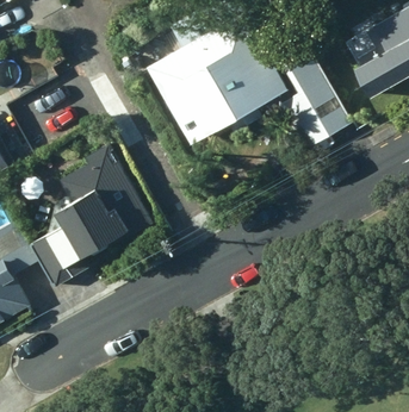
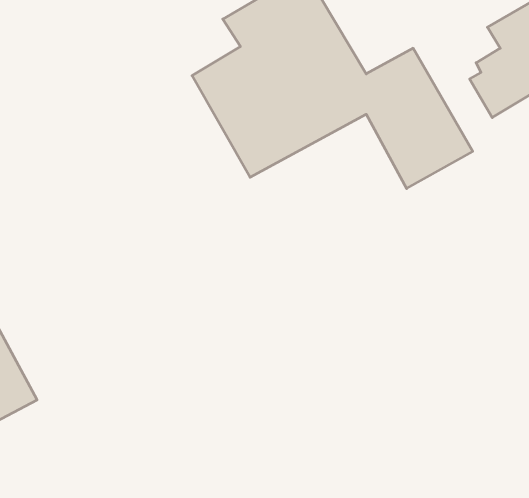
building: [31,145,154,286] -> none

